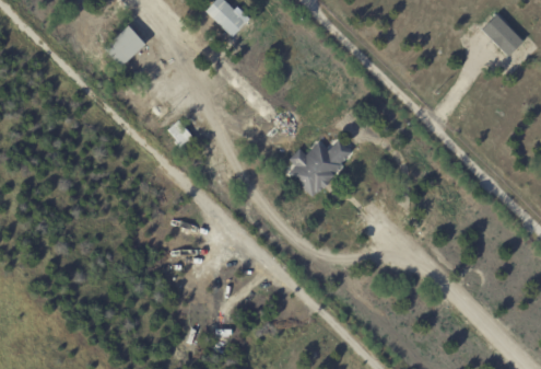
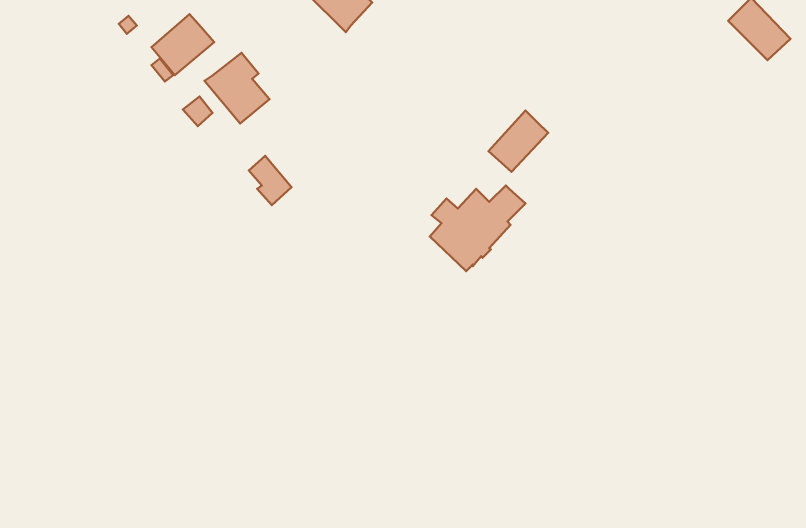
building: none -> [204,53,269,124]
building: none -> [489,111,548,172]

